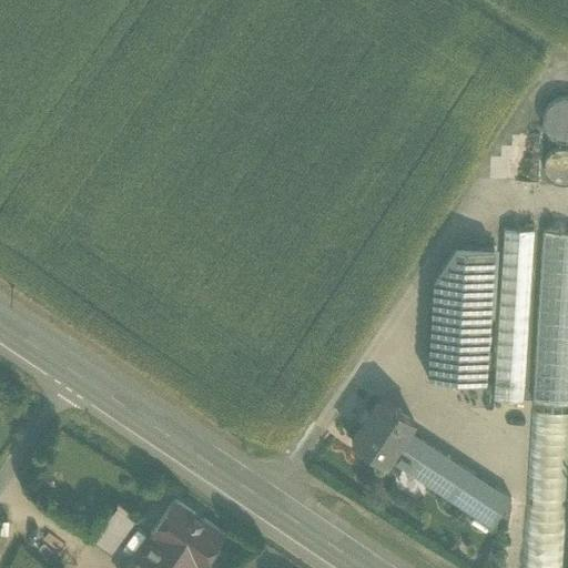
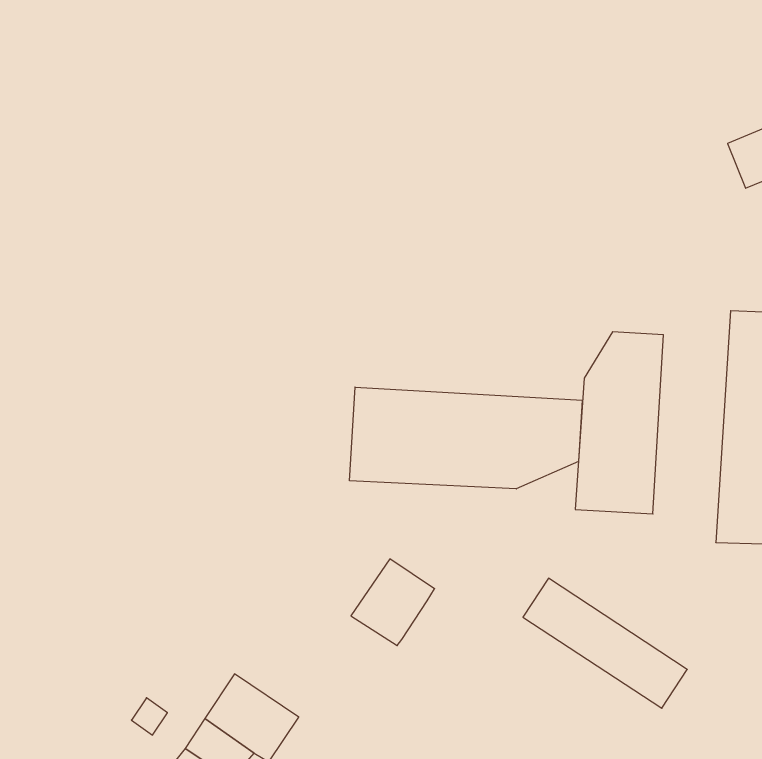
building: [494,232,535,405] -> none
building: none -> [350,387,582,489]
building: [352,402,414,466] -> [351,559,435,646]

